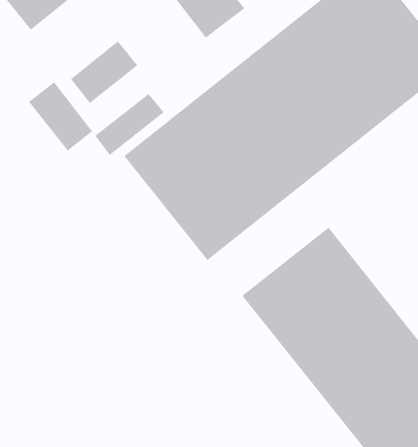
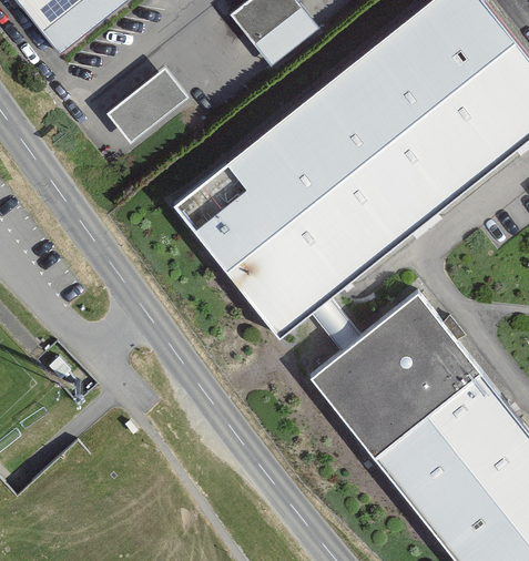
building: [28,81,93,152] -> none
building: [94,93,164,156] -> none

